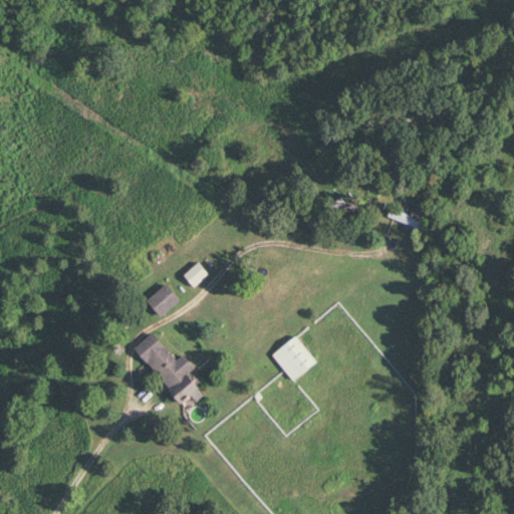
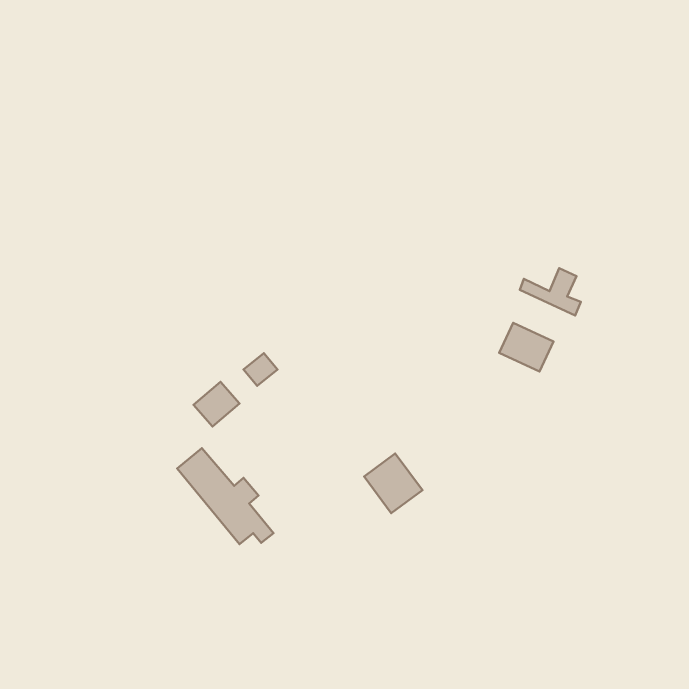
building: none -> [499,323,554,372]

